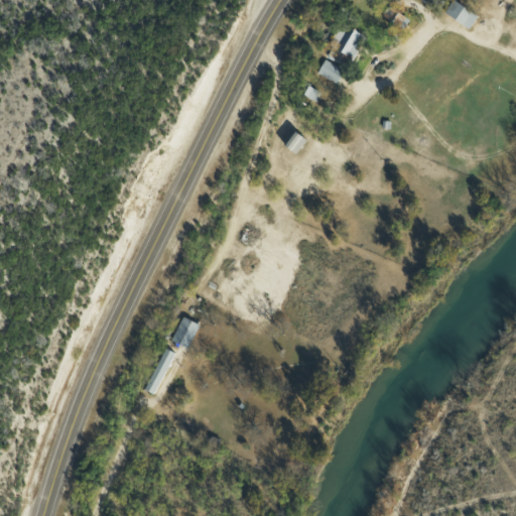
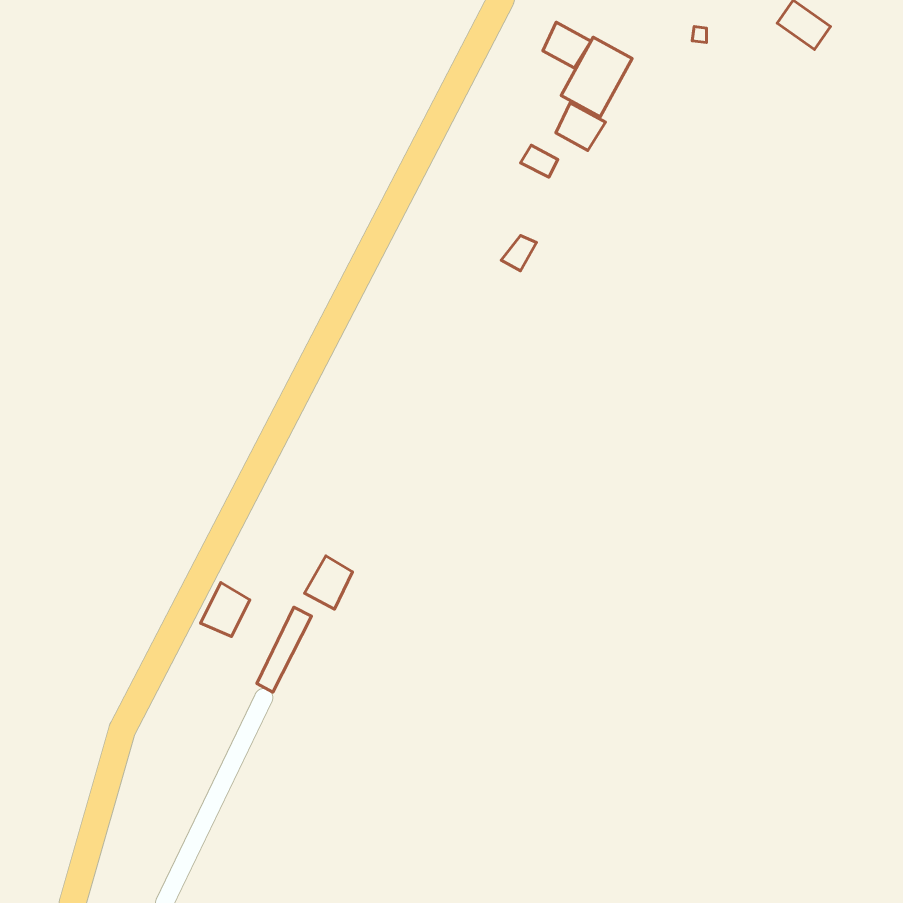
building: none -> [543,22,591,68]
building: none -> [200,583,250,637]

